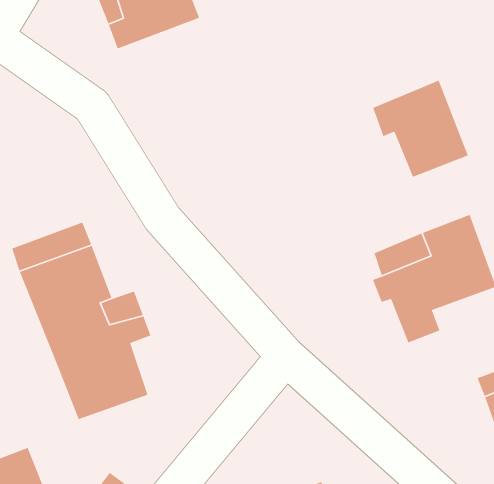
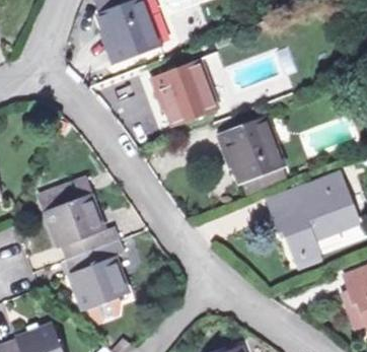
building: none -> [155,62,220,124]
building: [372,79,469,178] -> [219,117,282,181]

